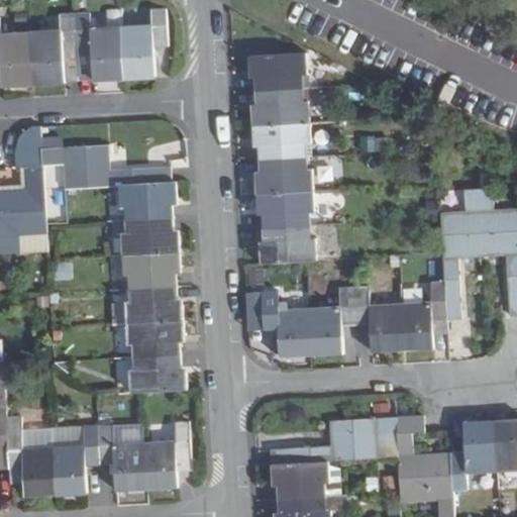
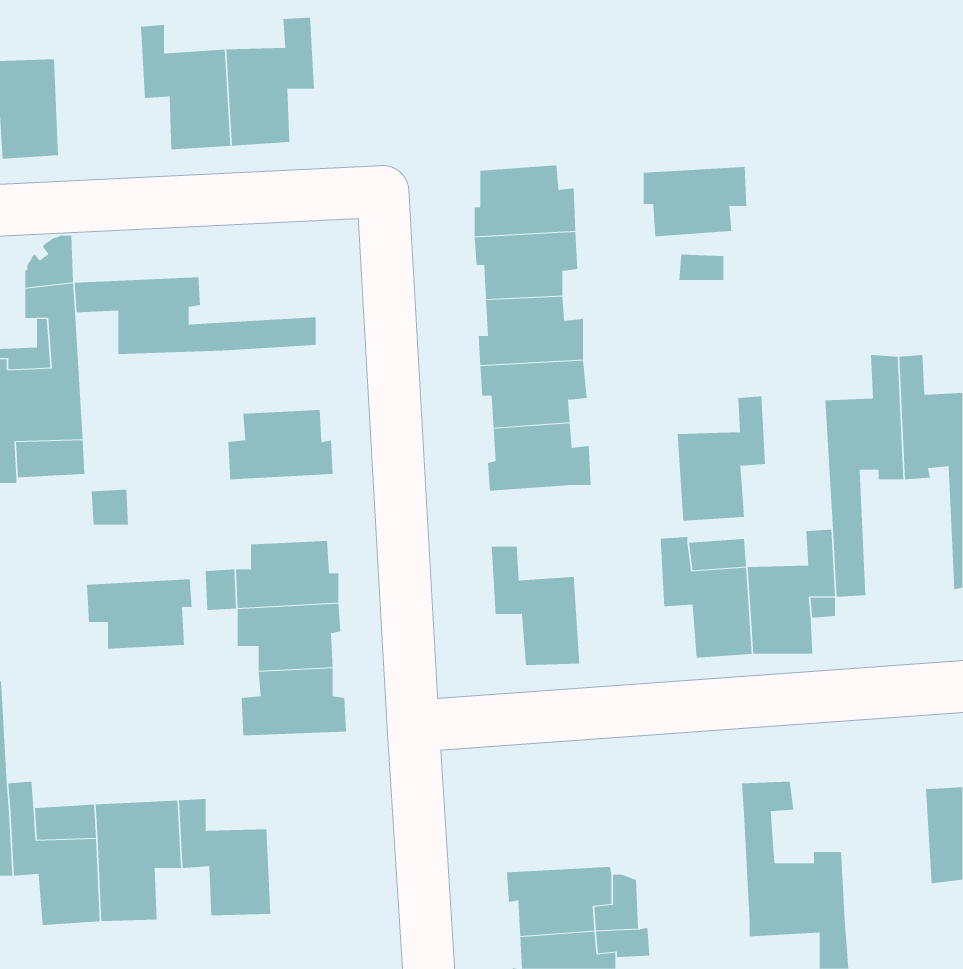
building: [29,14,78,83] -> none
building: [249,54,305,91] -> [643,167,747,237]
building: [119,184,175,220] -> none
building: [122,252,179,290] -> [86,579,192,649]
building: [306,287,353,353] -> [677,396,766,521]
building: [269,417,396,464] -> none
building: [448,420,496,490] -> none
building: [142,421,188,487] -> none

